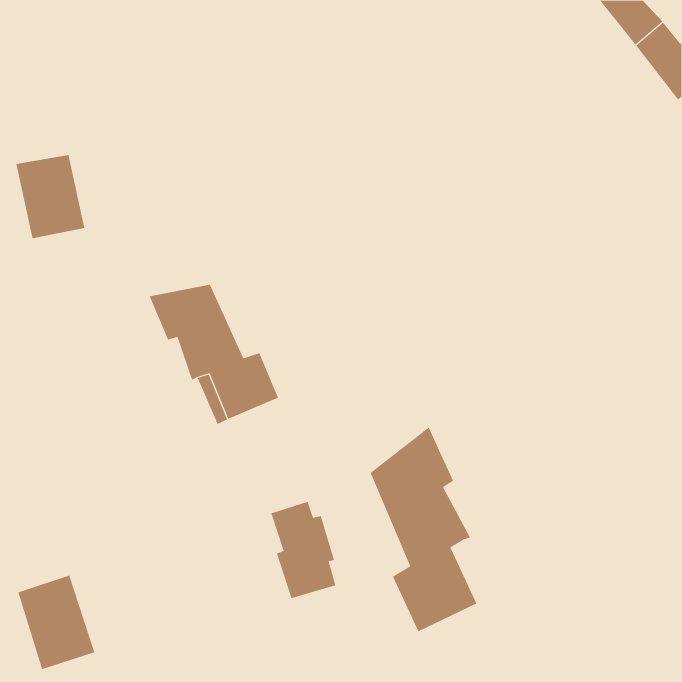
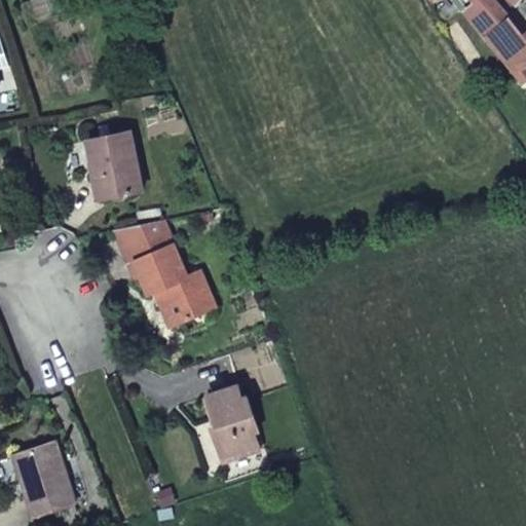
building: [16,154,85,239] -> [87,134,141,198]
building: [370,426,477,632] -> none

